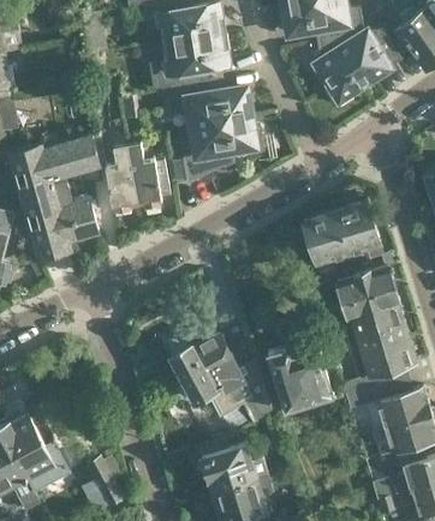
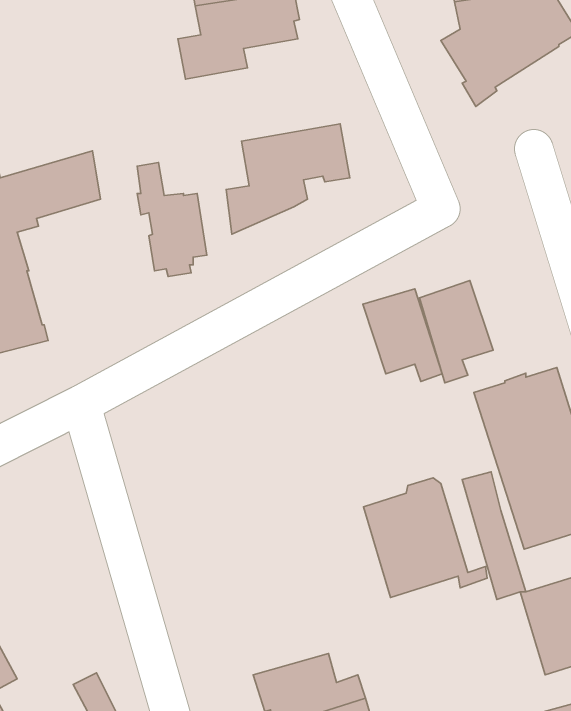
building: [157,80,254,128] -> none
building: [106,144,138,217] -> none
building: [53,181,100,242] -> none
building: [334,205,383,263] -> [363,289,442,382]
building: [168,335,272,424] -> none

